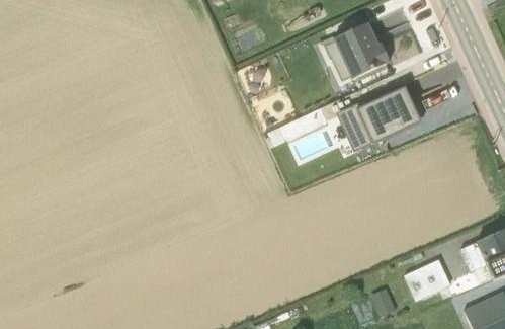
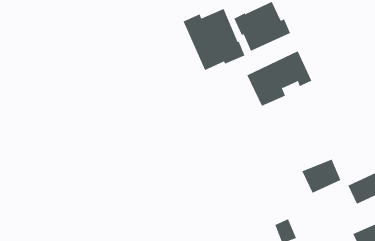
building: none -> [183,8,245,71]
building: [404,261,452,304] -> [302,159,341,193]

